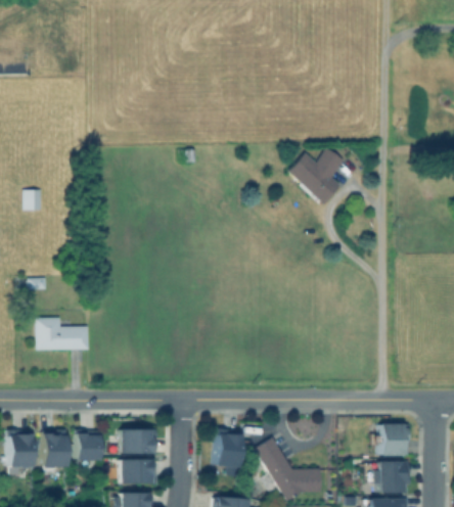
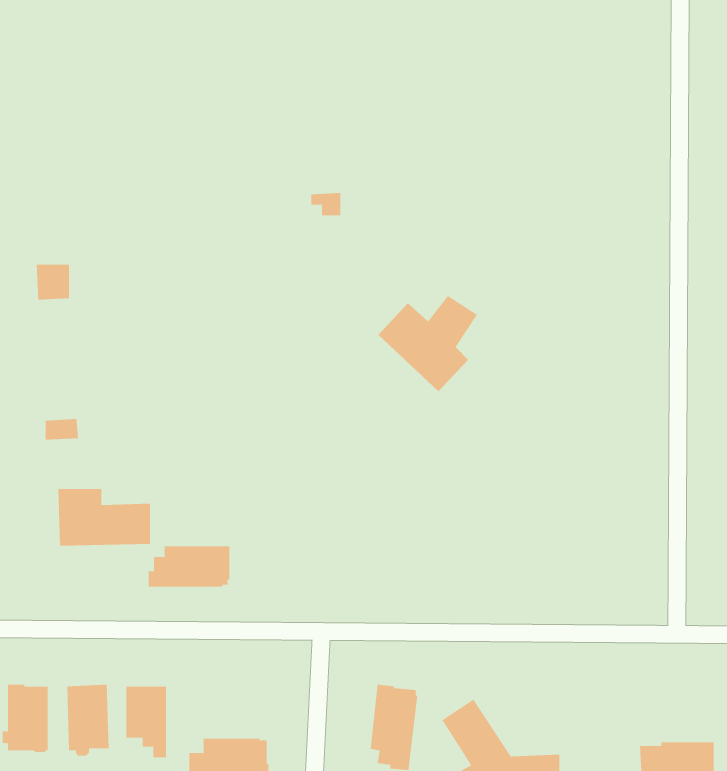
building: [288,148,346,203] -> [377,295,478,392]
building: [375,424,410,457] -> none
building: [109,430,156,454] -> [148,546,230,587]

